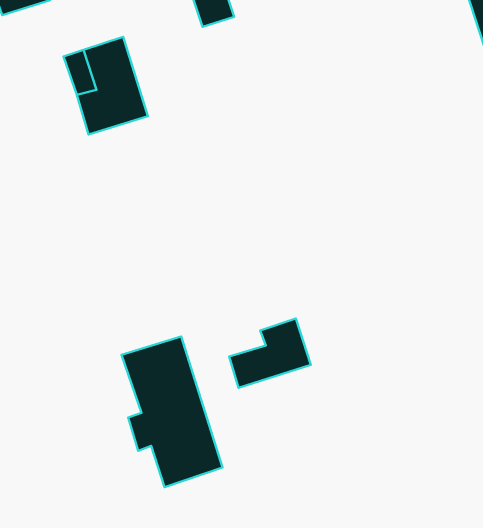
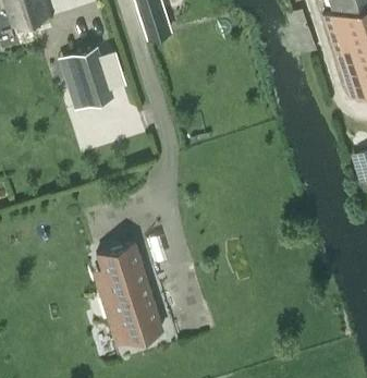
building: [229,319,311,388] -> none

